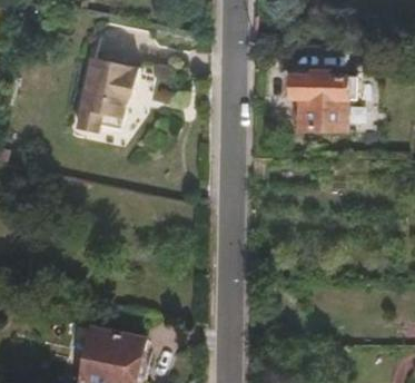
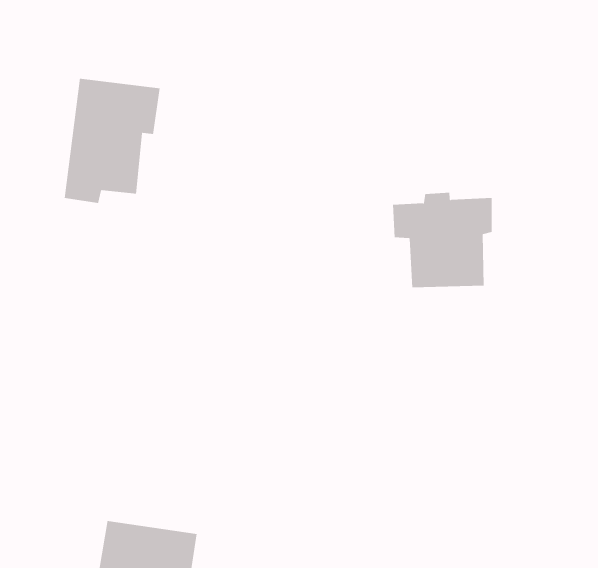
building: [293,71,354,129] -> [392,192,493,288]

